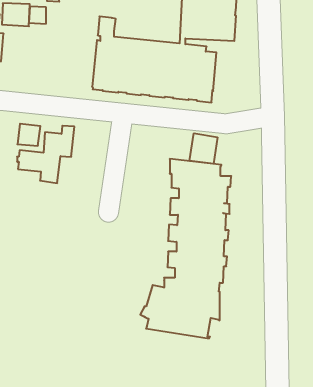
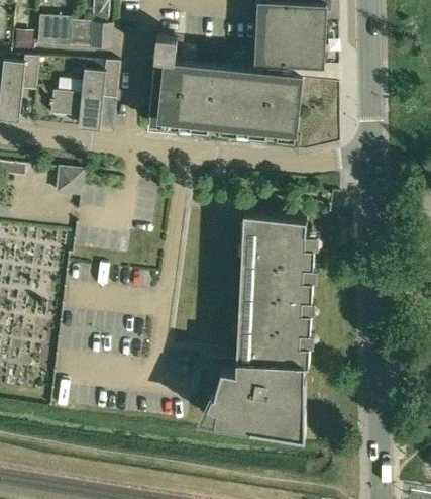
building: none -> [91,24,112,51]
building: [17,126,74,183] -> [49,62,120,132]
building: [190,133,217,164] -> none

